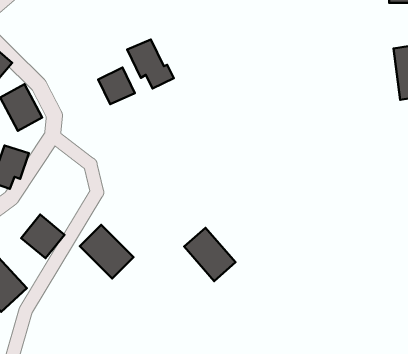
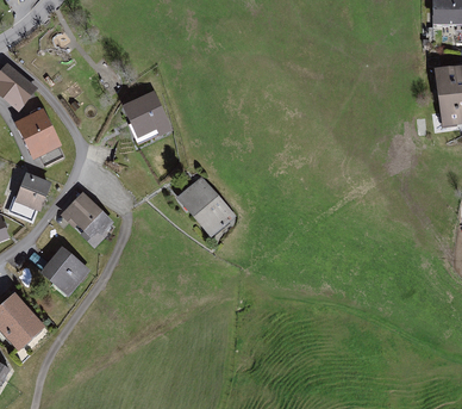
building: [127,39,174,88] -> none
building: [80,225,133,278] -> [56,192,113,249]
building: [184,228,235,281] -> [180,178,235,235]

